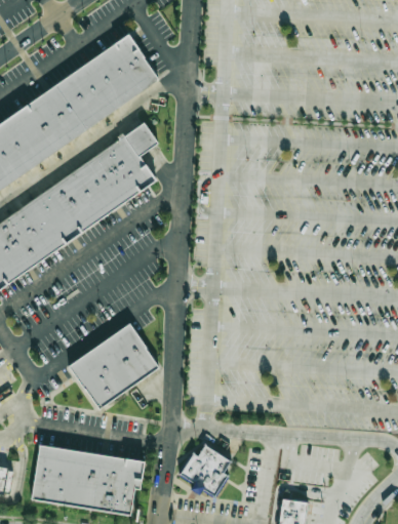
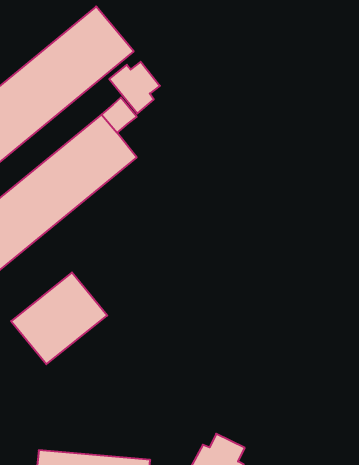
building: none -> [109,62,160,114]
building: [69,324,159,408] -> [11,272,107,364]

